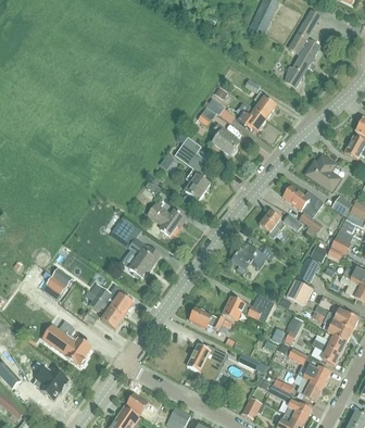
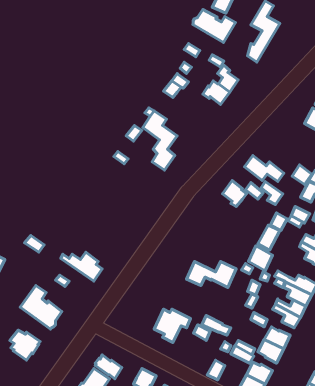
building: none -> [193,9,235,43]
building: [211,123,239,154] -> none
building: [305,154,340,190] -> none
building: [147,202,186,234] -> none
building: [109,215,160,276] -> none
building: [230,242,274,274] -> none
building: [85,289,124,328] -> none
building: [188,306,230,332] -> none

